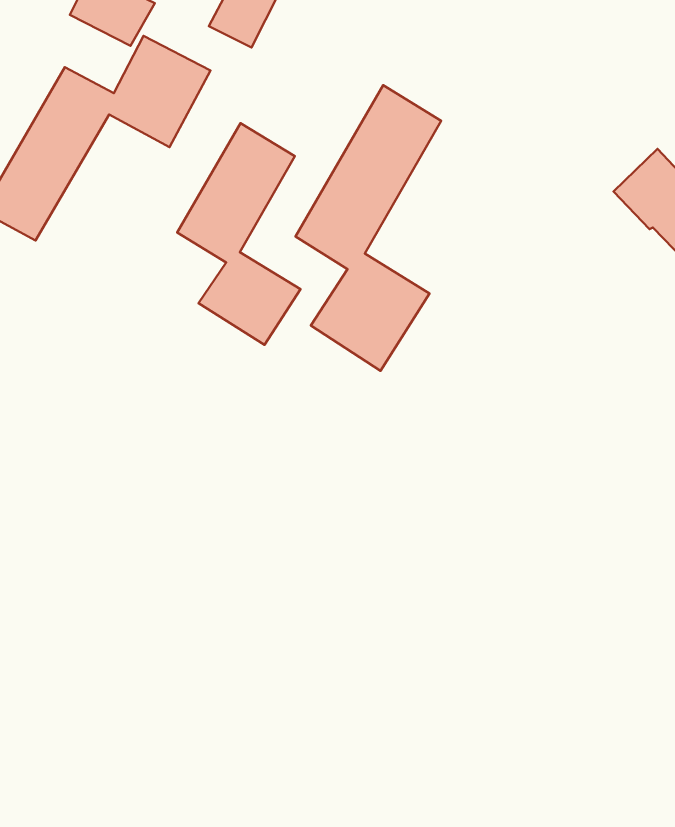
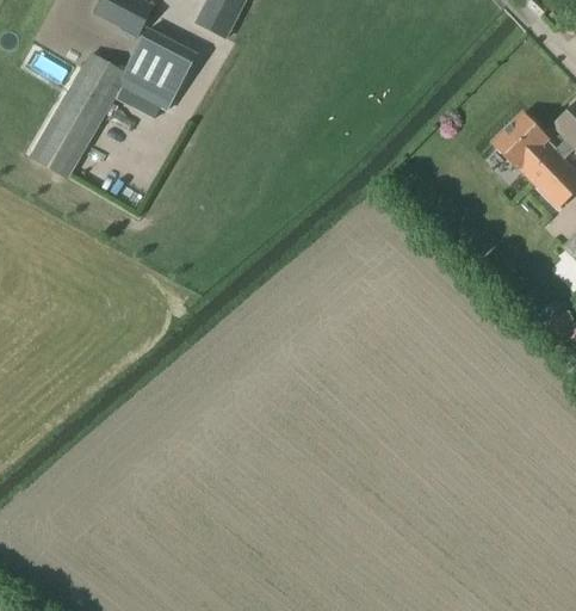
building: [295,85,441,371] -> none
building: [177,123,300,345] -> none

